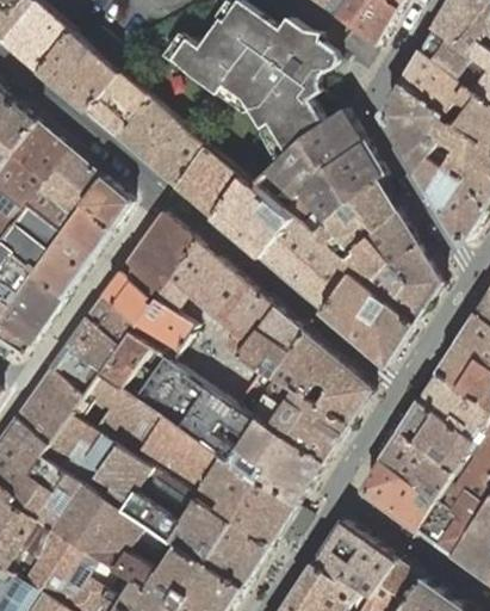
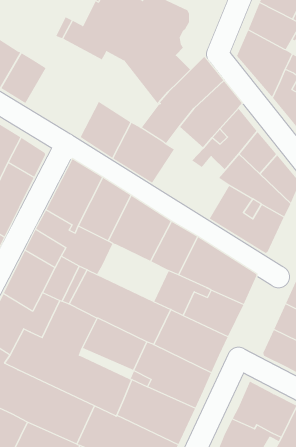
building: [112,94,203,186] -> none
building: [255,218,349,310] -> none
building: [170,325,259,403] -> none

